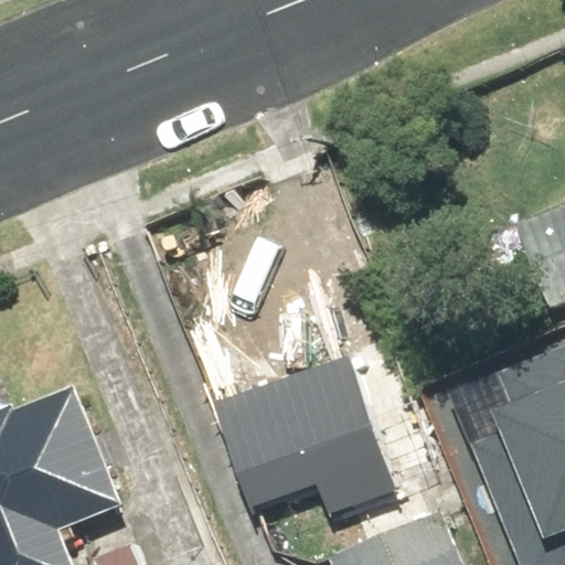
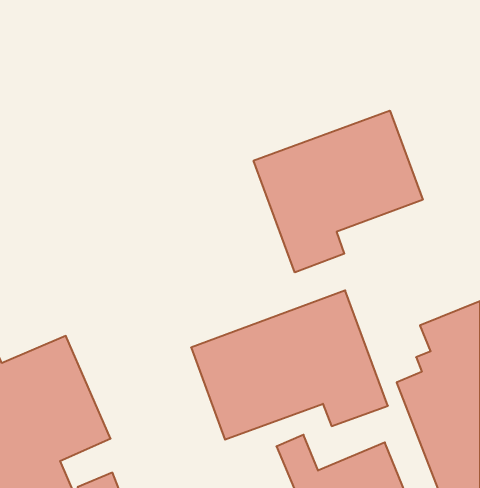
building: none -> [254,111,423,272]

